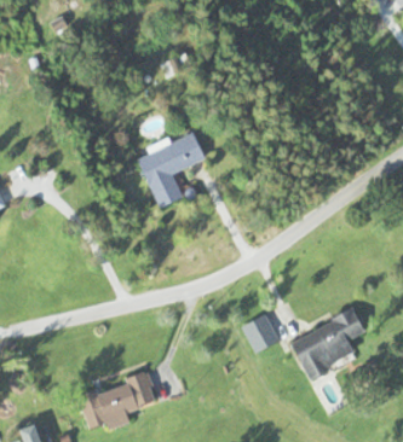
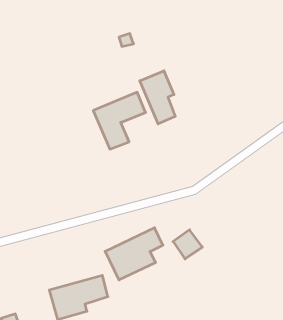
building: none -> [140,71,175,124]
building: [289,309,365,378] -> [105,228,163,280]

